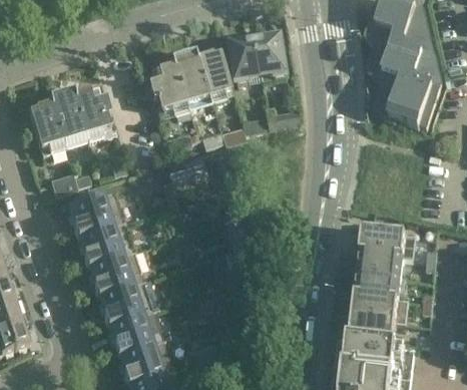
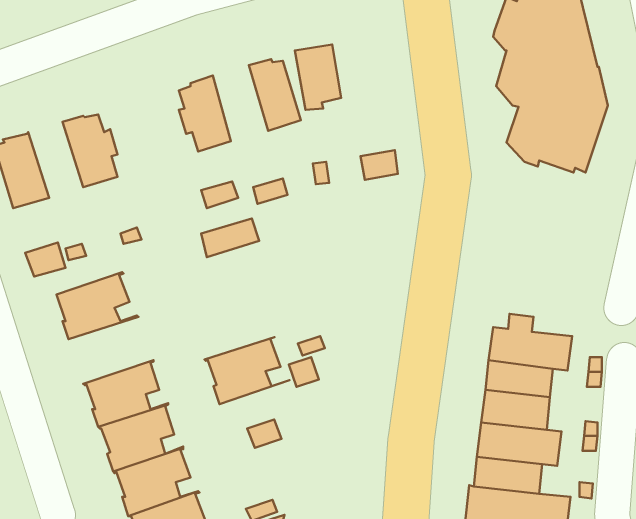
building: [254,35,285,78] -> none
building: [172,51,210,104] -> none
building: [48,90,86,142] -> none
building: [76,223,133,268] -> [204,337,289,404]

